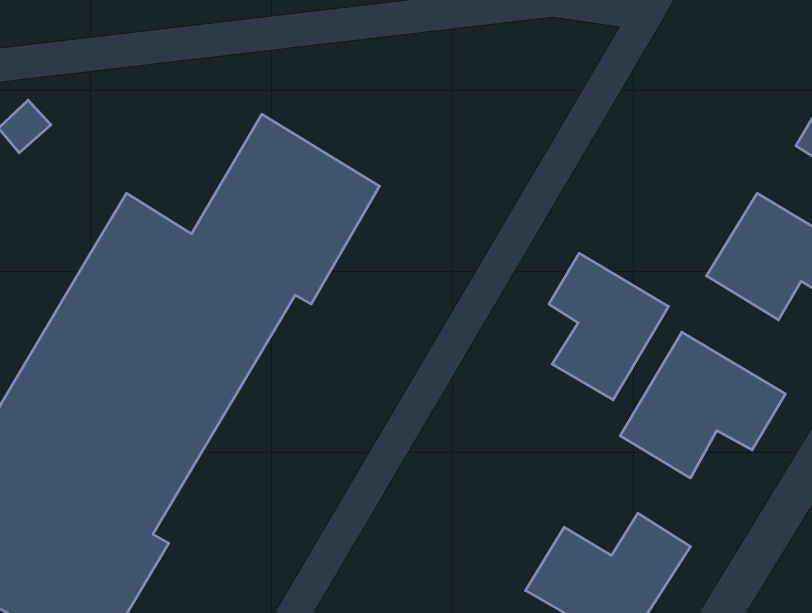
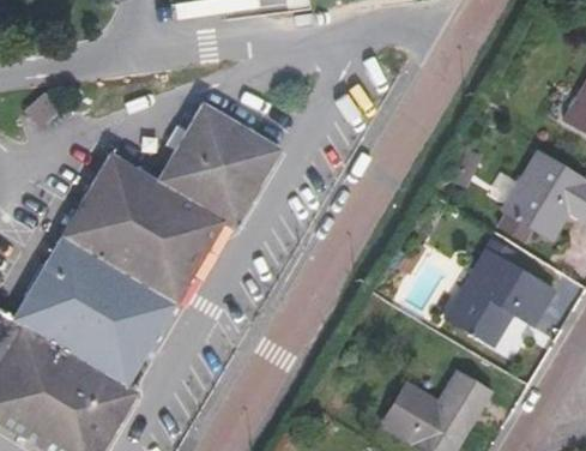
building: [549,253,669,400] -> none

